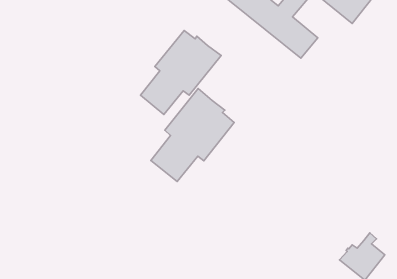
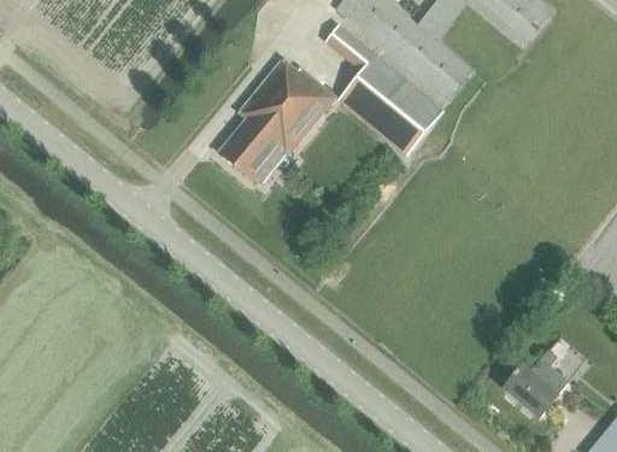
building: none -> [327,25,443,153]
building: [151,88,234,182] -> none

